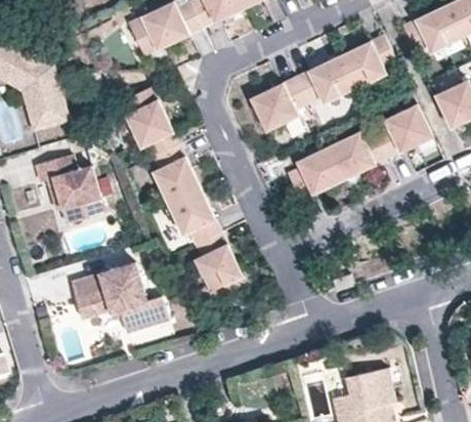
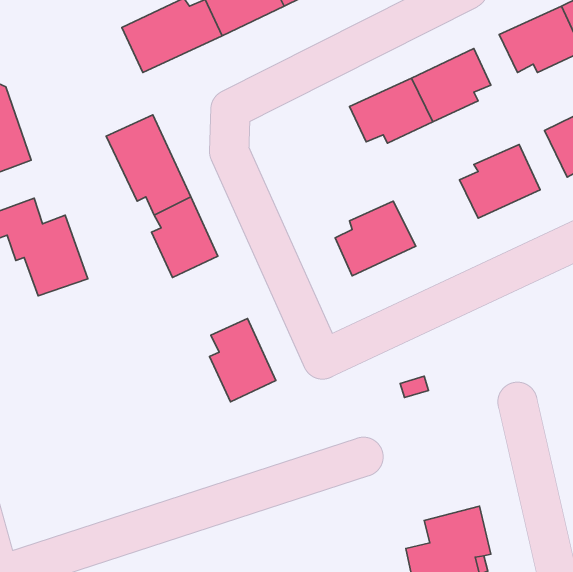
building: [249,78,306,131] -> none
building: [326,131,387,179] -> none
building: [166,186,220,244] -> none
building: [72,261,174,330] -> none

